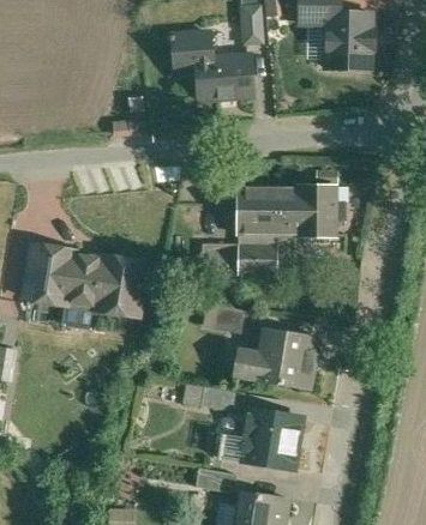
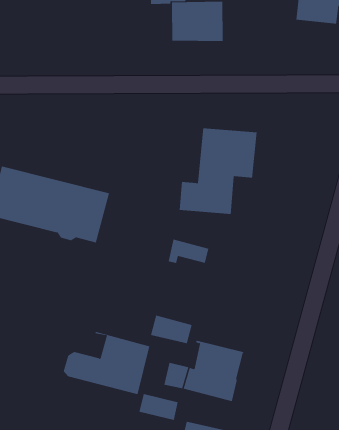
building: [294,186,336,235] -> none
building: [228,326,317,388] -> [63,331,150,395]

